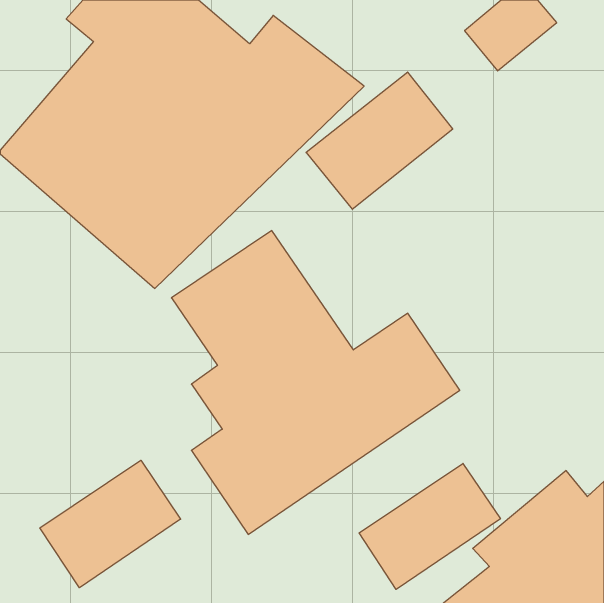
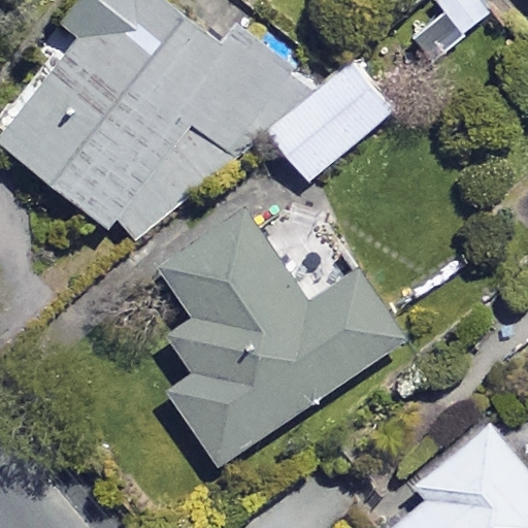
building: [40,460,181,588] -> none
building: [359,463,500,589] -> none

